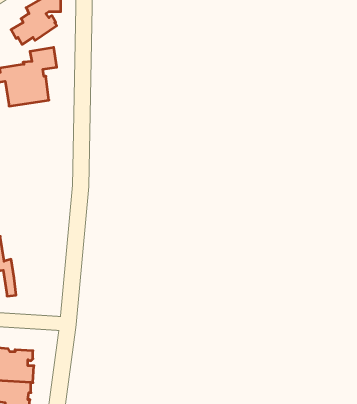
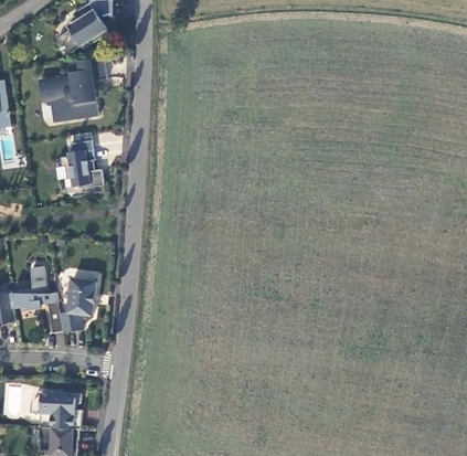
building: none -> [59,139,103,188]
building: none -> [59,279,95,332]

